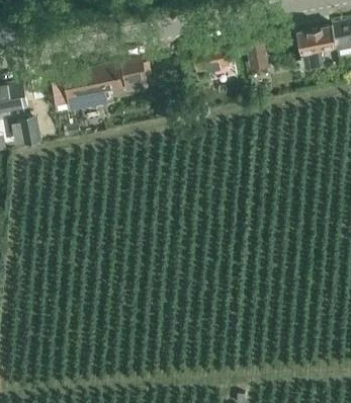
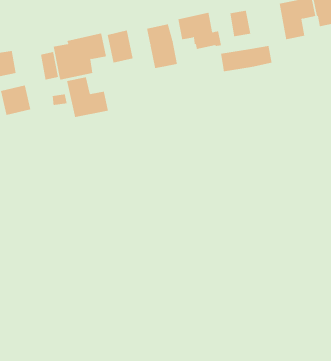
building: none -> [147,23,178,69]
building: none -> [220,45,272,72]
building: none -> [67,76,108,118]

